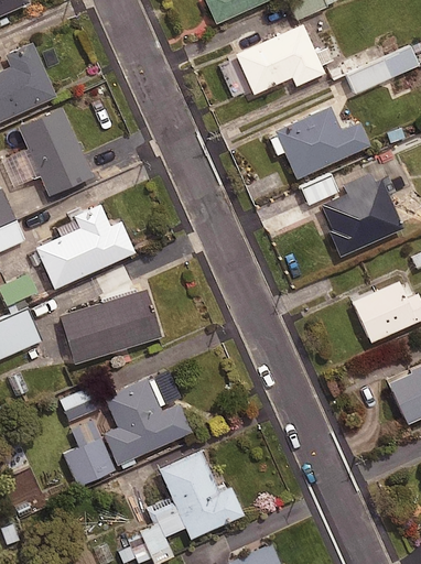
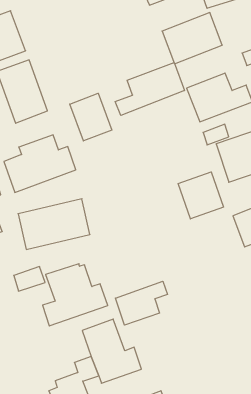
building: none -> [115,62,184,115]
building: none -> [70,93,112,141]
building: none -> [178,172,223,219]
building: none -> [115,281,168,325]
building: [64,419,116,487] -> none

